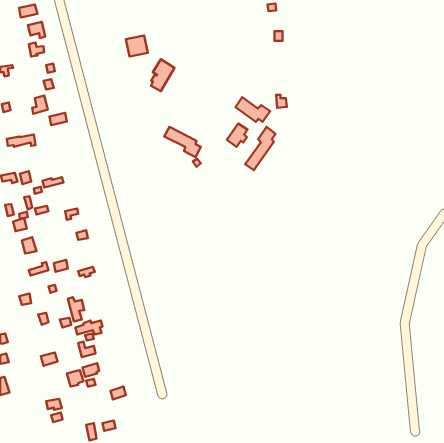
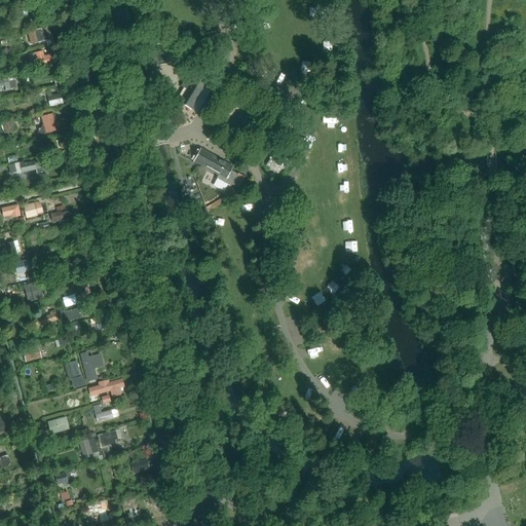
building: [235,97,270,122] -> none
building: [245,127,276,170] -> none

